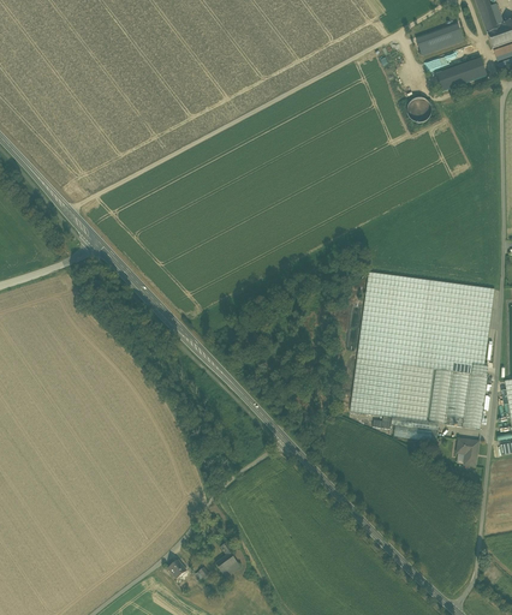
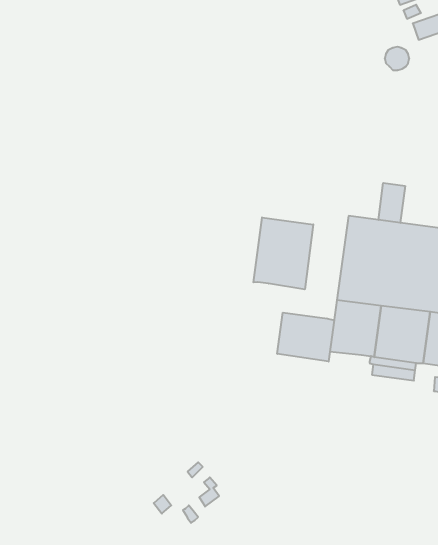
building: none -> [378,183,405,223]
building: none -> [253,217,313,289]
building: none -> [277,313,334,362]

